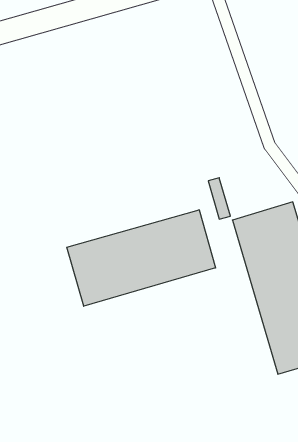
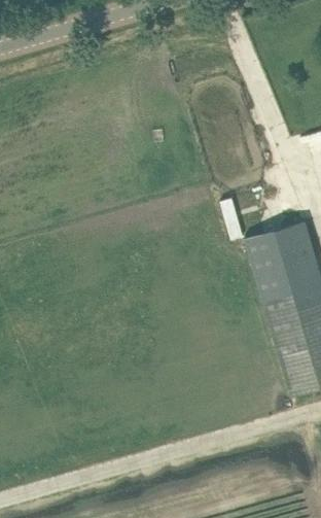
building: [67,210,216,306] -> none

